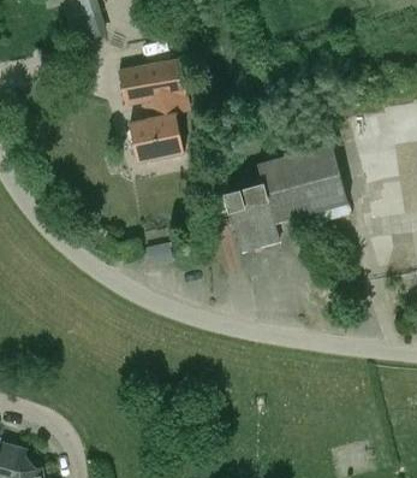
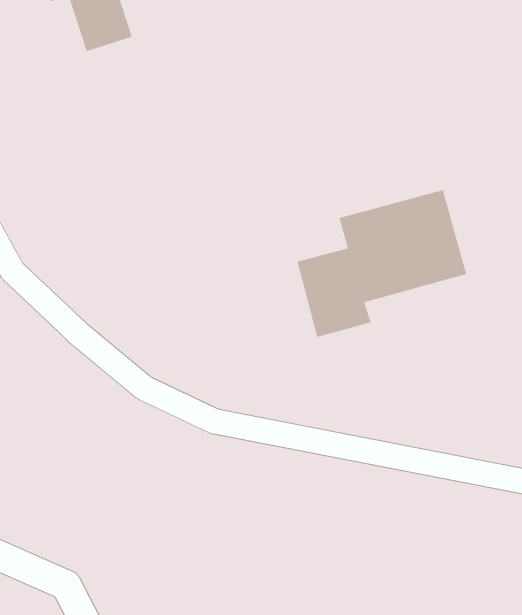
building: [119,59,190,163] -> none

